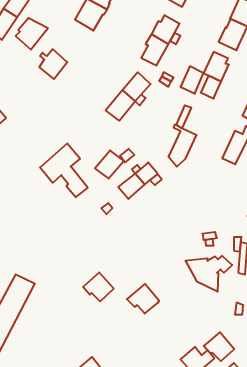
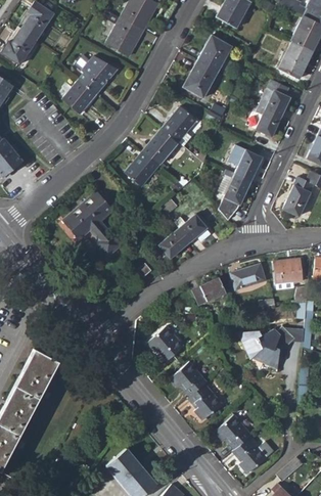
building: [16,18,48,50] -> [78,55,117,93]
building: [180,66,203,94] -> [234,148,262,181]
building: [95,150,124,179] -> [124,151,158,185]
building: none -> [273,258,301,284]
building: none -> [229,264,266,290]
building: none -> [192,278,225,304]
building: [83,272,114,301] -> [146,325,183,360]
building: none -> [186,382,222,419]
building: [204,332,234,361] -> [214,414,250,449]

